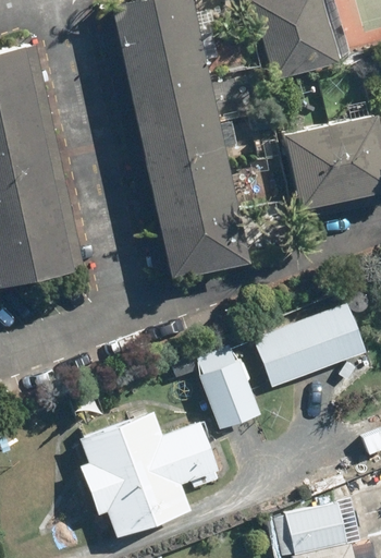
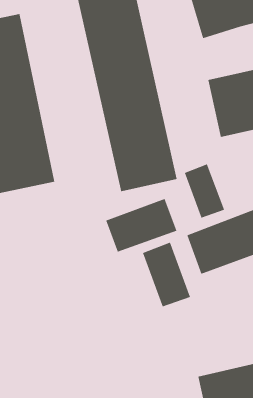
building: none -> [184,163,225,219]
building: none -> [105,198,177,252]
building: [81,413,222,538] -> none

